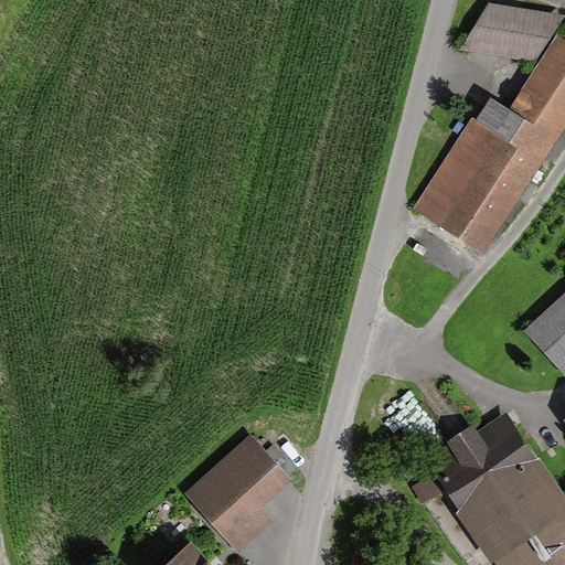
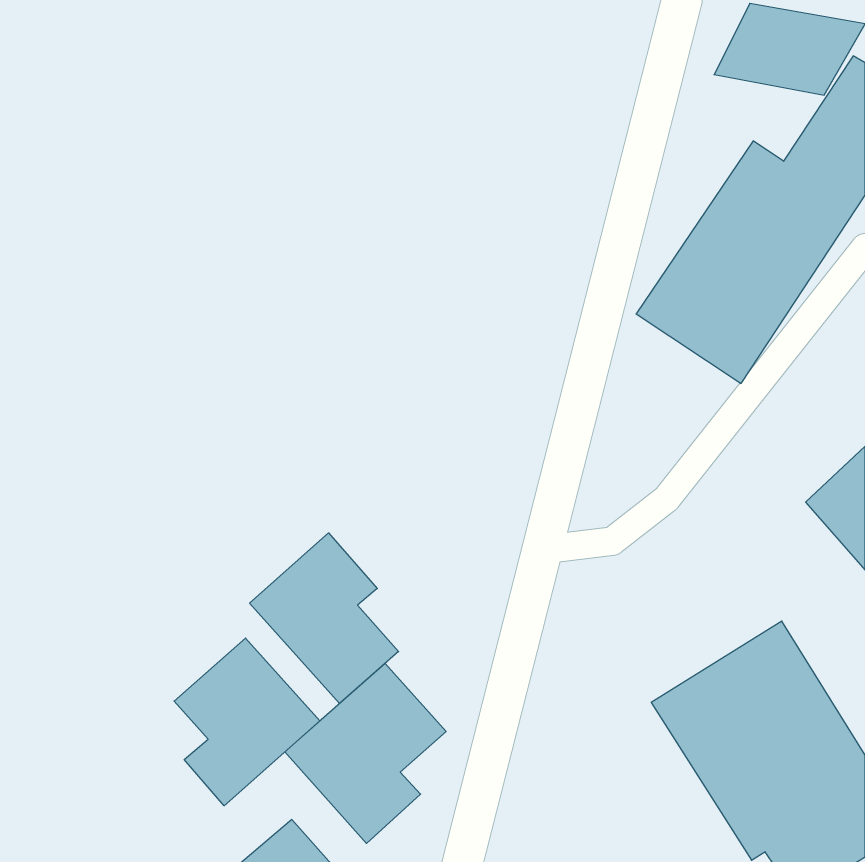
building: none -> [250,533,399,703]
building: none -> [174,638,320,806]

